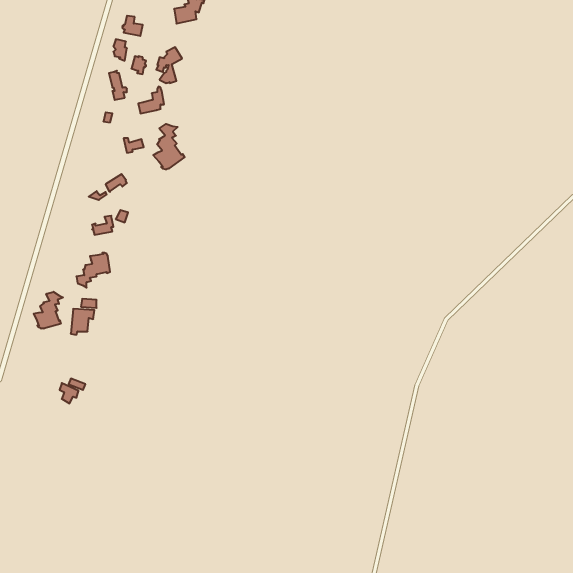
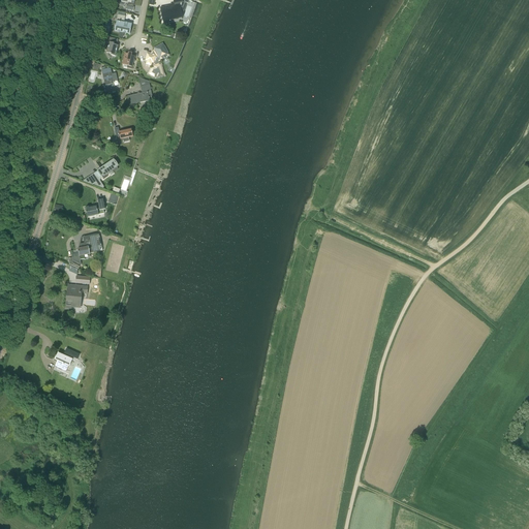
building: [153,124,185,170] -> none
building: [34,292,63,329] -> none

